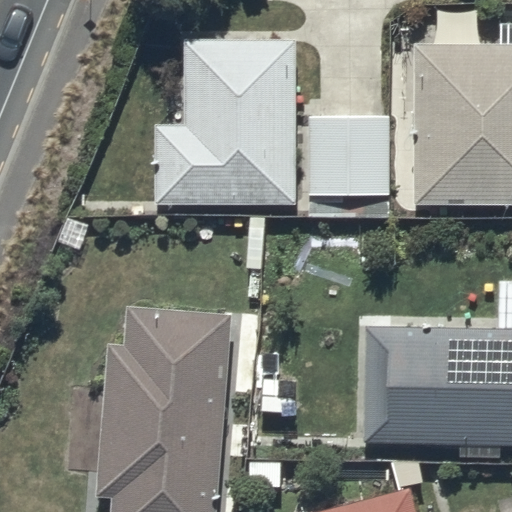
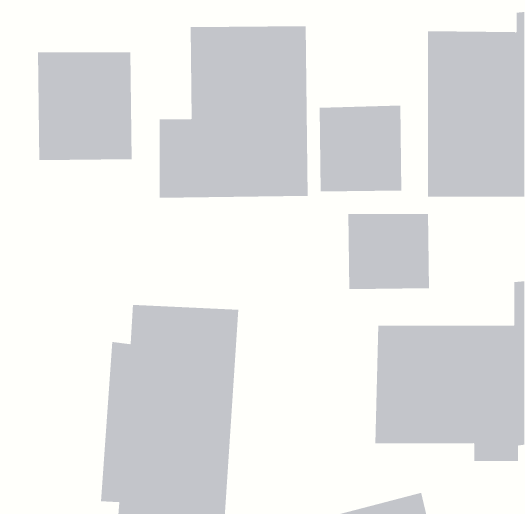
building: none -> [38,51,132,161]
building: none -> [348,213,430,290]

